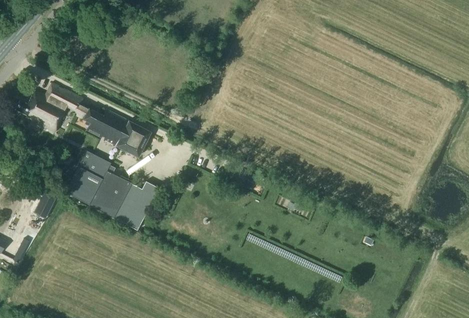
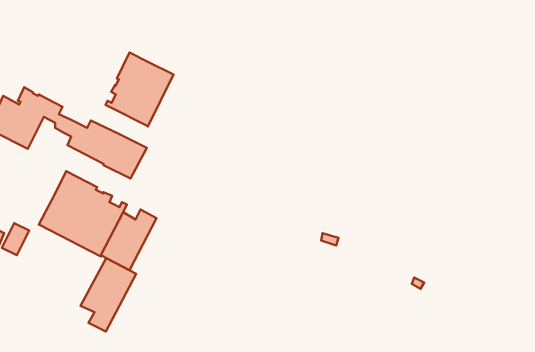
building: none -> [105,53,173,127]
building: none -> [81,258,136,332]

